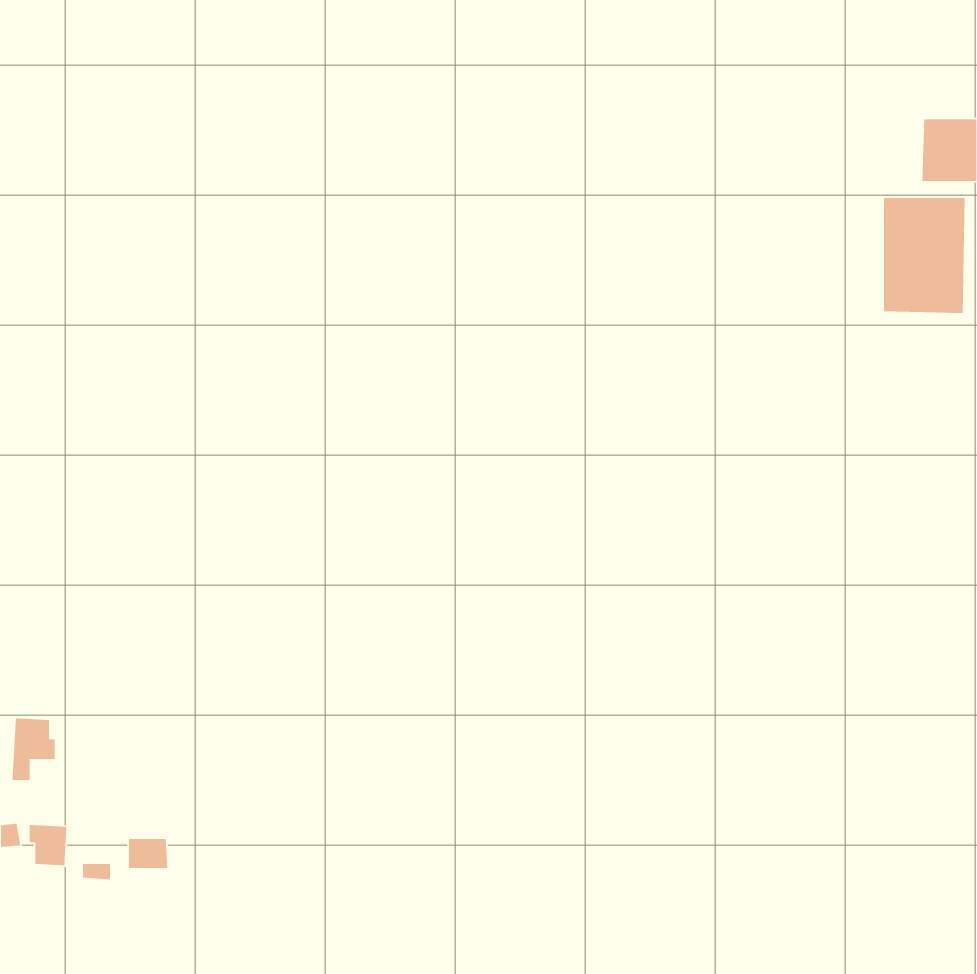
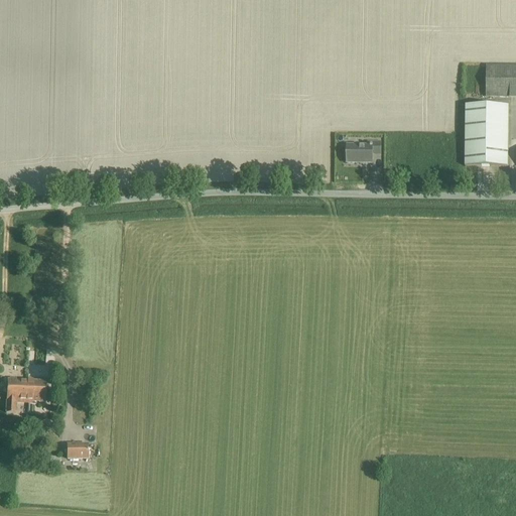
building: none -> [347,141,381,161]
building: [29,824,67,866] -> [26,379,46,401]

